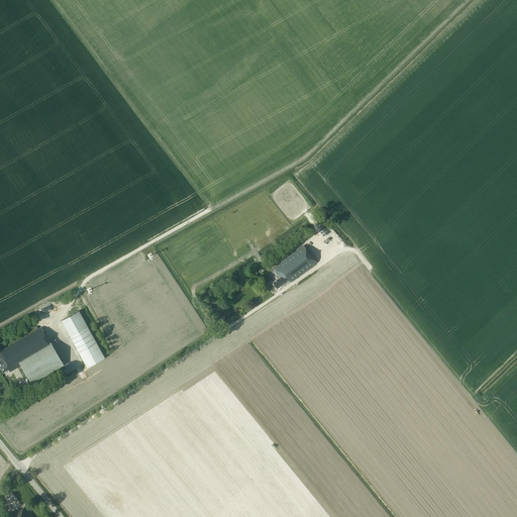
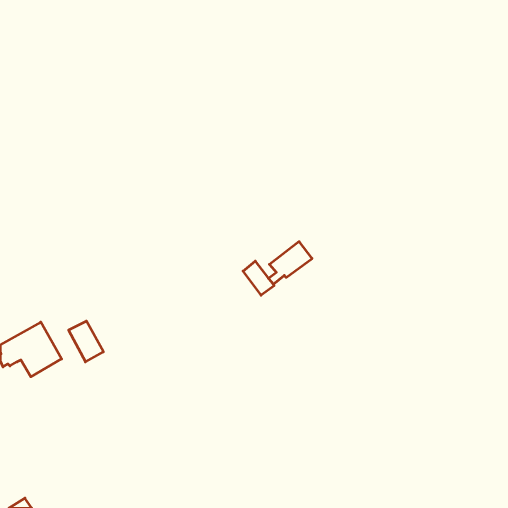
building: none -> [243,261,274,295]
building: [61,310,88,335] -> none

